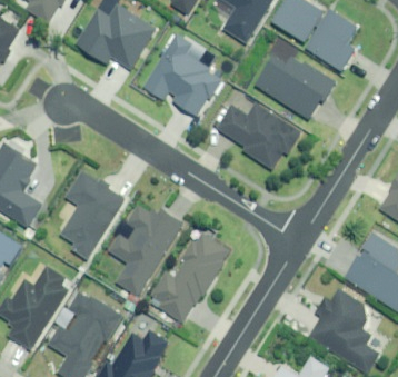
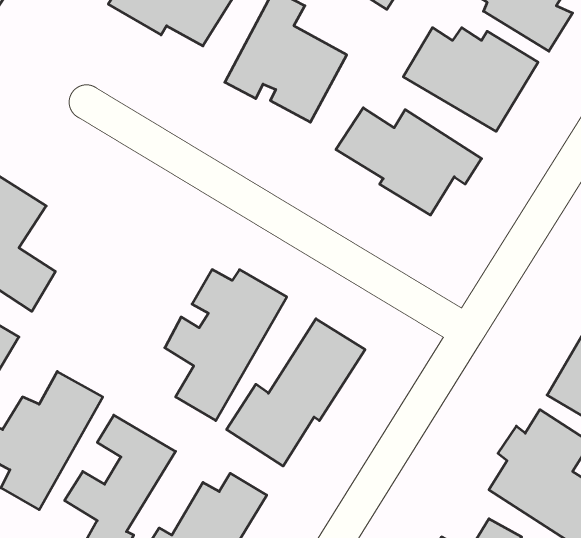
building: [61,169,126,257] -> none

